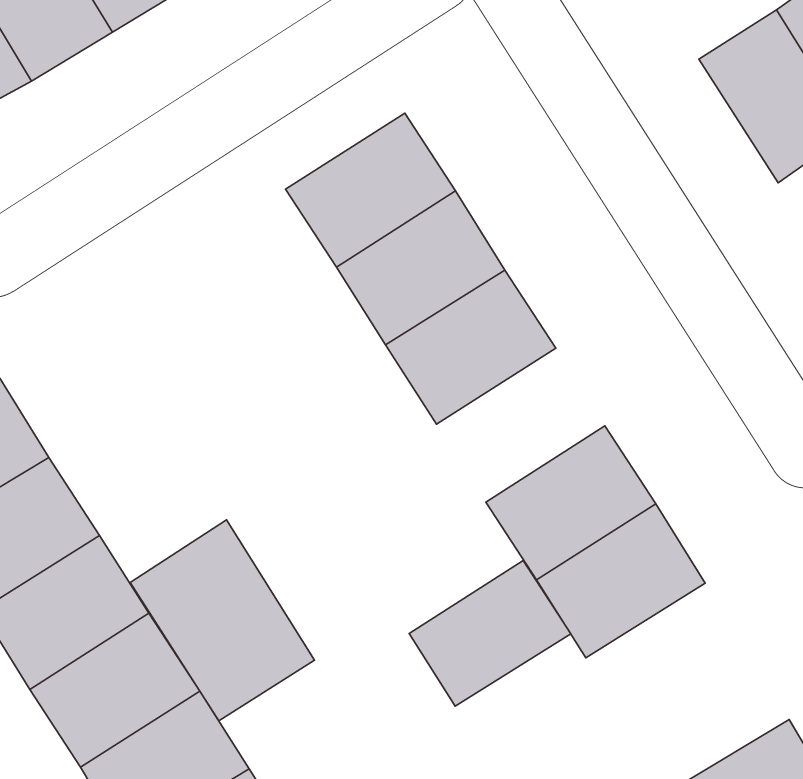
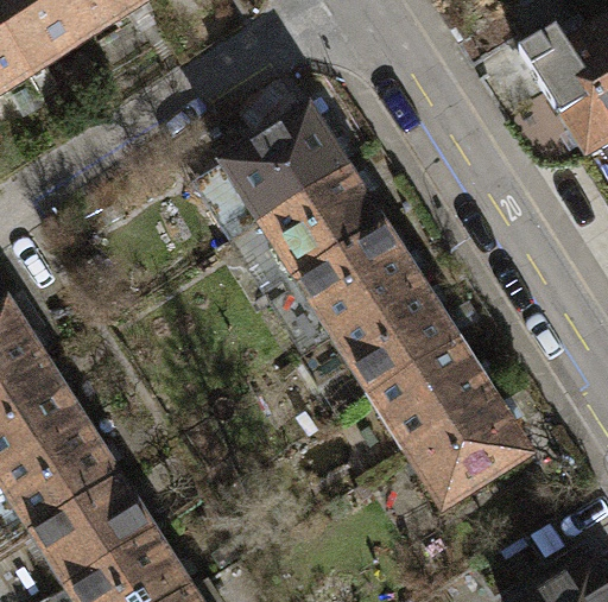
building: none -> [332,277,458,392]
building: [130,520,315,721] -> none
building: [409,561,571,706] -> none

